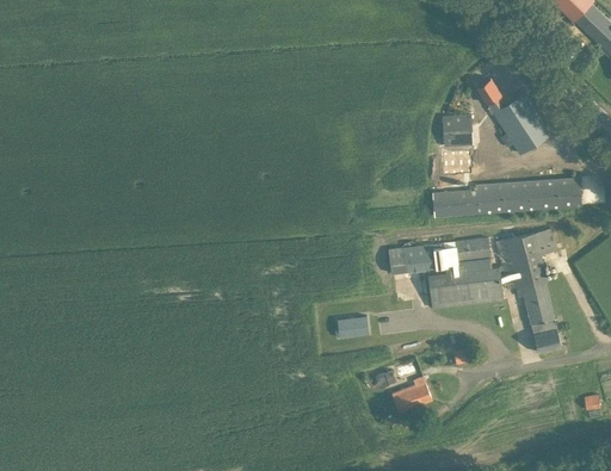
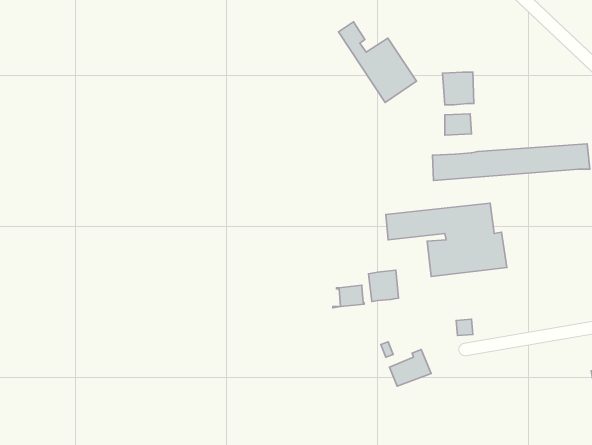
building: [475,78,549,154] -> [339,22,417,103]
building: [495,229,560,353] -> none
building: none -> [368,270,398,301]

